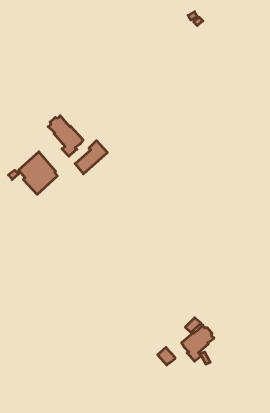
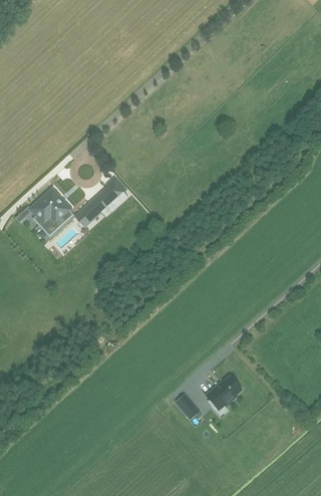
building: [48,116,83,156] -> none

